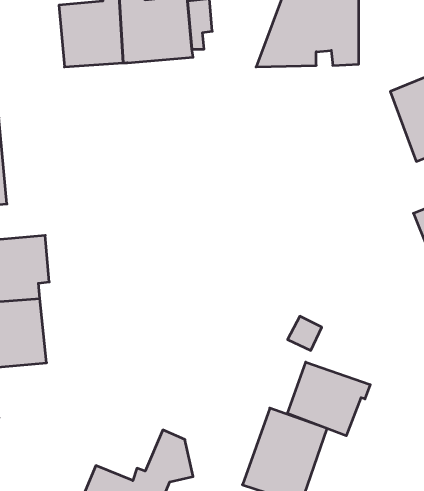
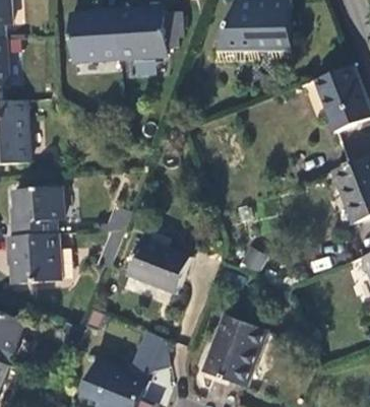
building: none -> [129,238,191,293]
building: [287,362,370,436] -> none

